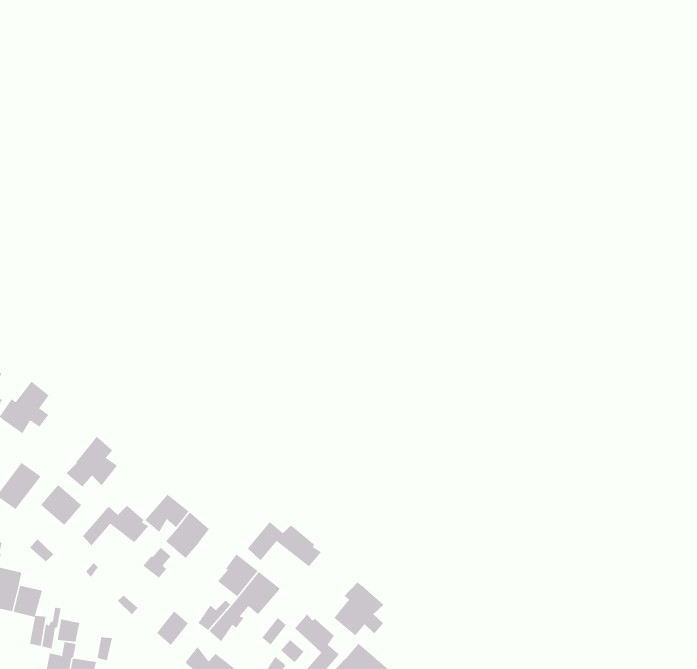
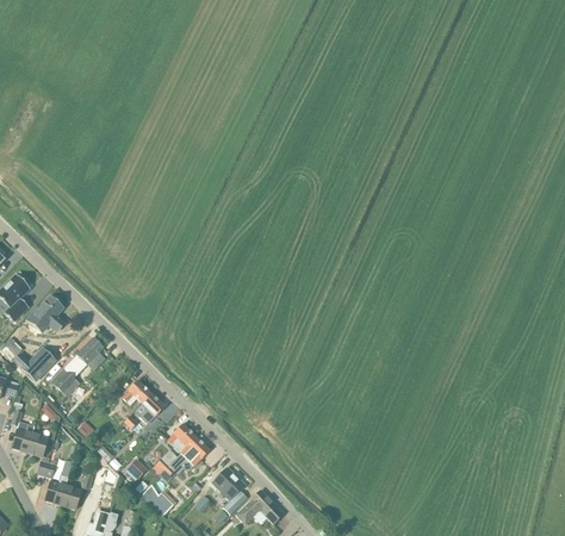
building: [82,505,149,546] -> none
building: [247,521,322,567] -> none
building: [334,582,384,636] -> none

